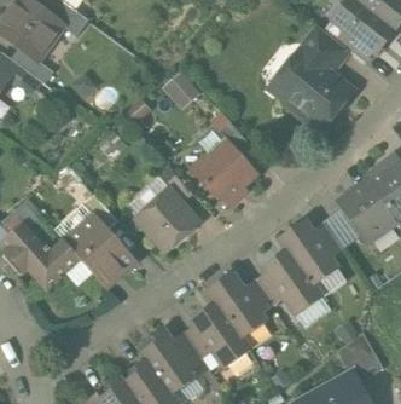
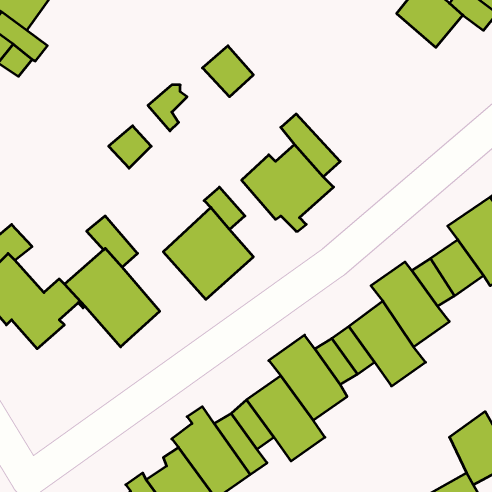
building: [281,50,348,123] -> none

